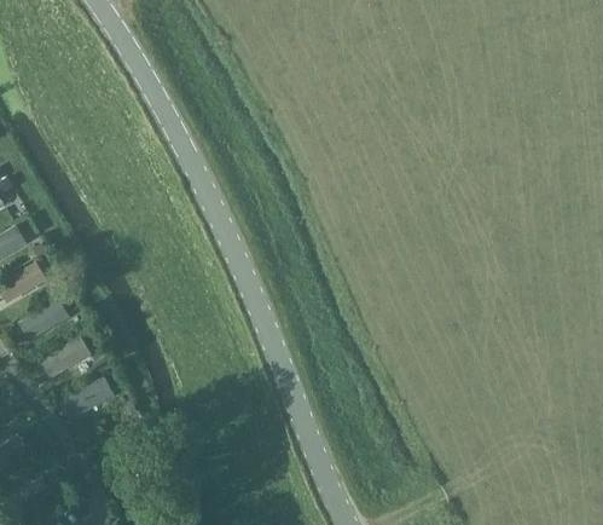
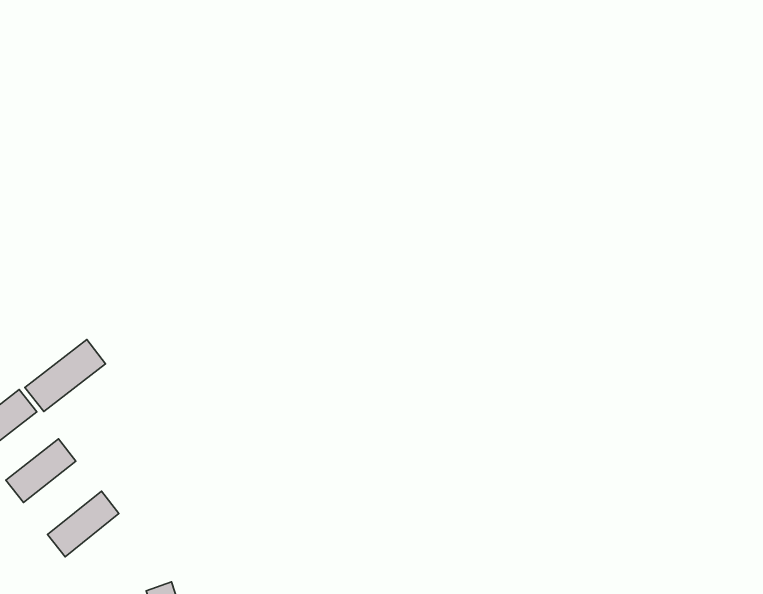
building: none -> [25,340,106,411]

